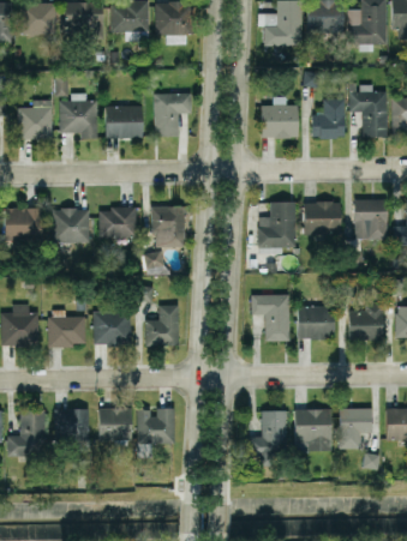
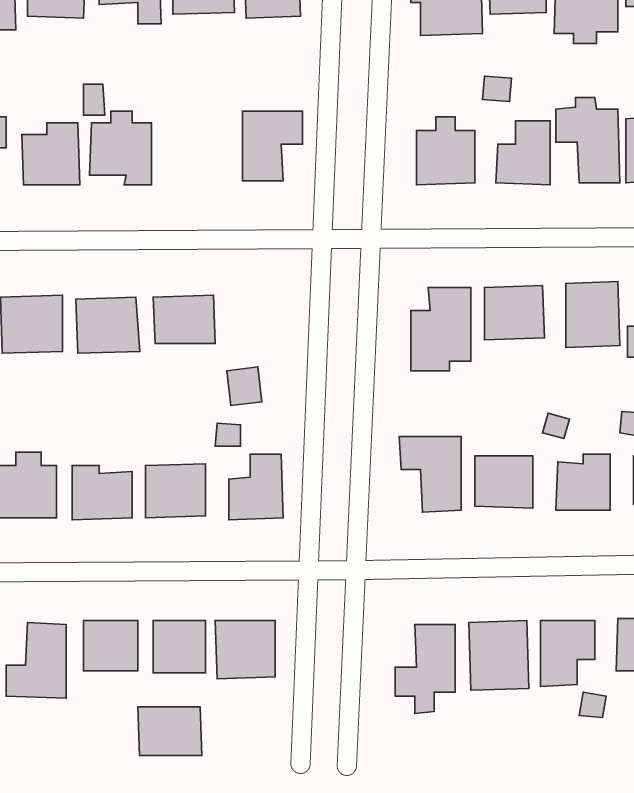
building: [106,106,143,139] -> none
building: [150,206,185,247] -> none
building: none -> [138,707,202,755]

